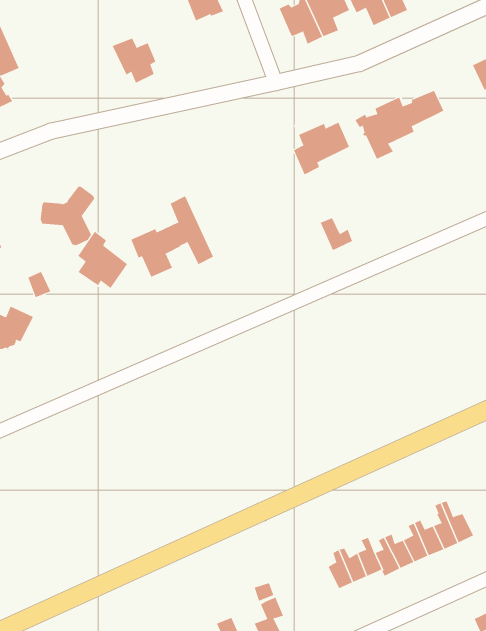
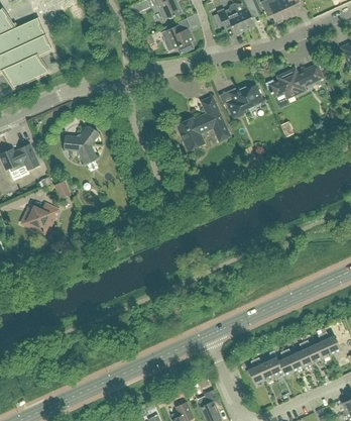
building: [112,38,156,83] -> [165,24,194,54]
building: [130,196,214,277] -> [177,96,230,148]
building: [72,231,128,289] -> none

